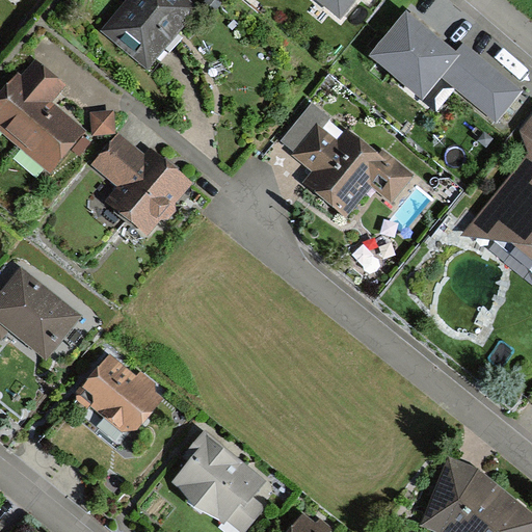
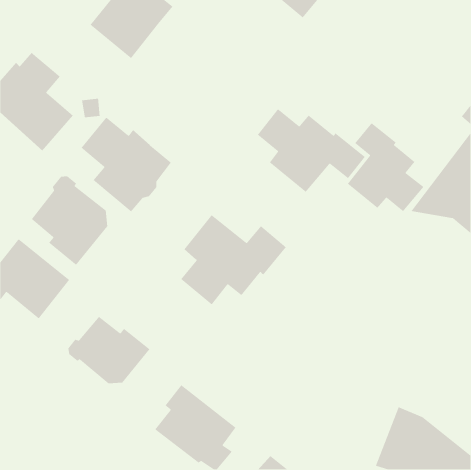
building: [372,17,517,118] -> none
building: none -> [347,122,424,212]
building: none -> [31,175,108,266]
building: none -> [180,214,287,305]

